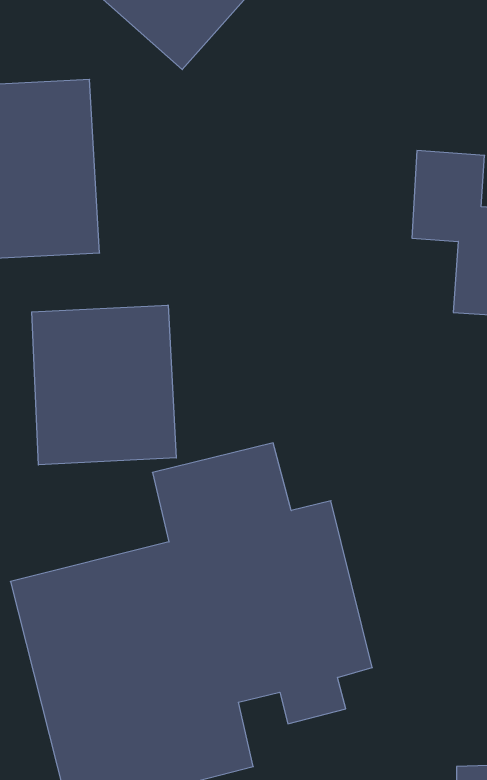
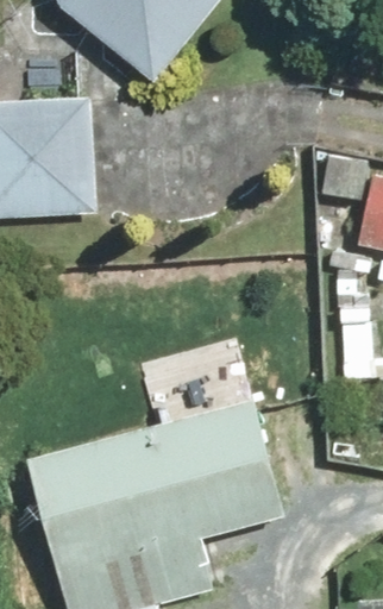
building: [32,305,176,465] -> none

